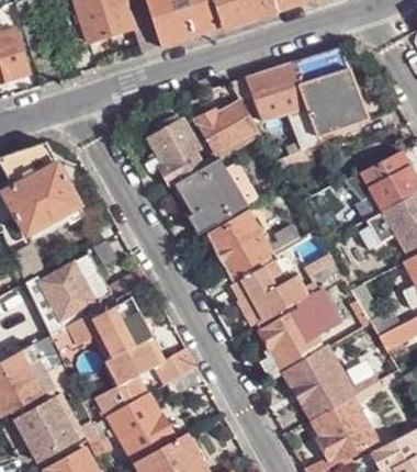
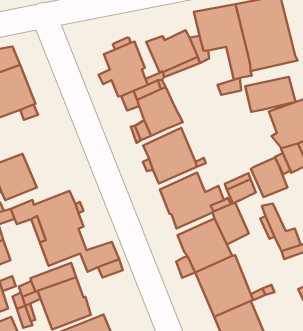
building: none -> [245,77,296,112]
building: none -> [251,158,288,197]

